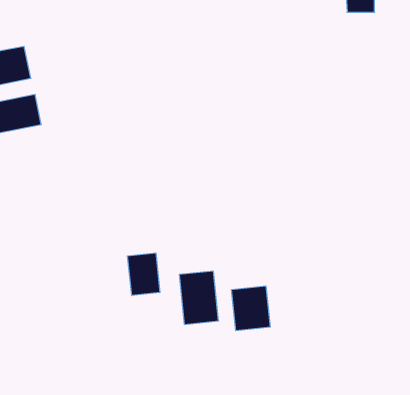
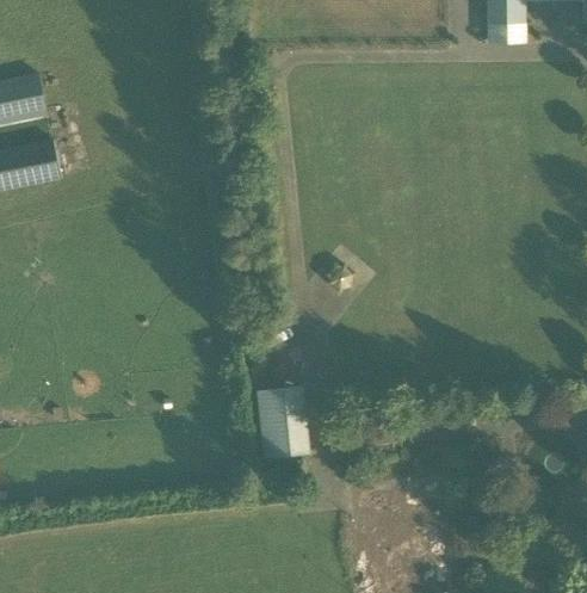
building: [128,253,160,296] -> none
building: [232,286,270,331] -> none

